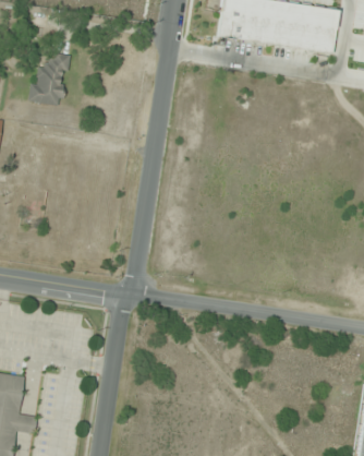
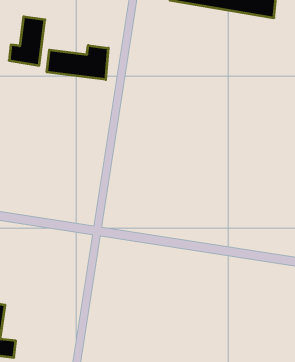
building: none -> [47,45,108,80]

